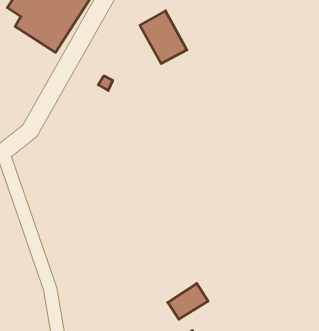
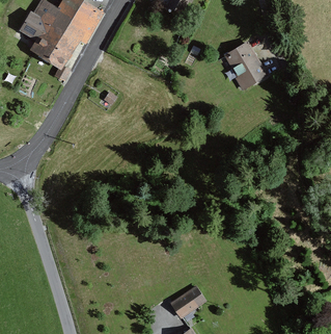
building: [140,11,187,63] -> [223,41,267,89]

